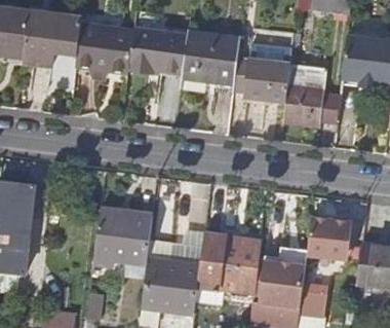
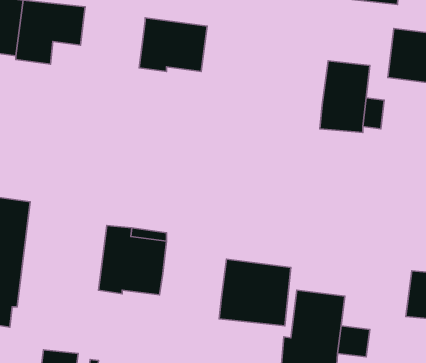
building: [76,24,133,72] -> none
building: [182,30,240,83] -> none
building: [244,58,290,102] -> none
building: [307,217,351,260] -> none
building: [142,247,199,312] -> none

